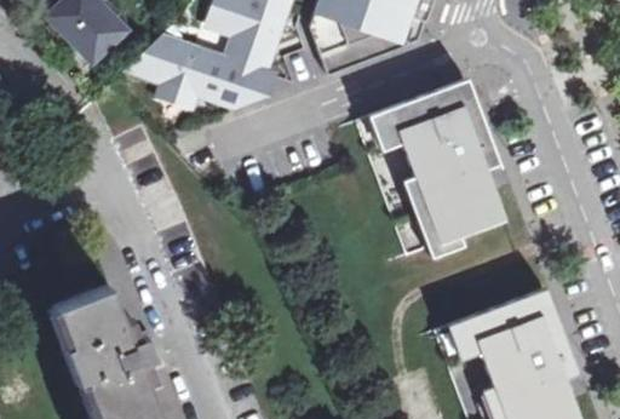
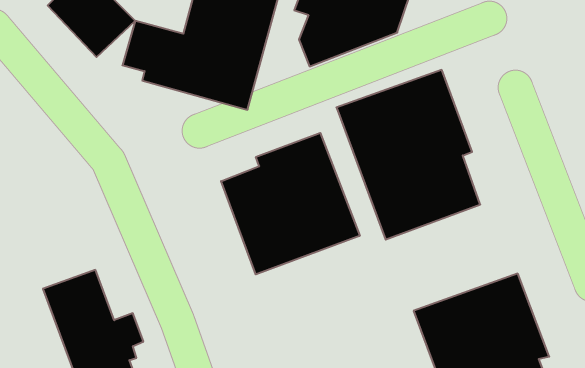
building: none -> [221,133,360,274]

